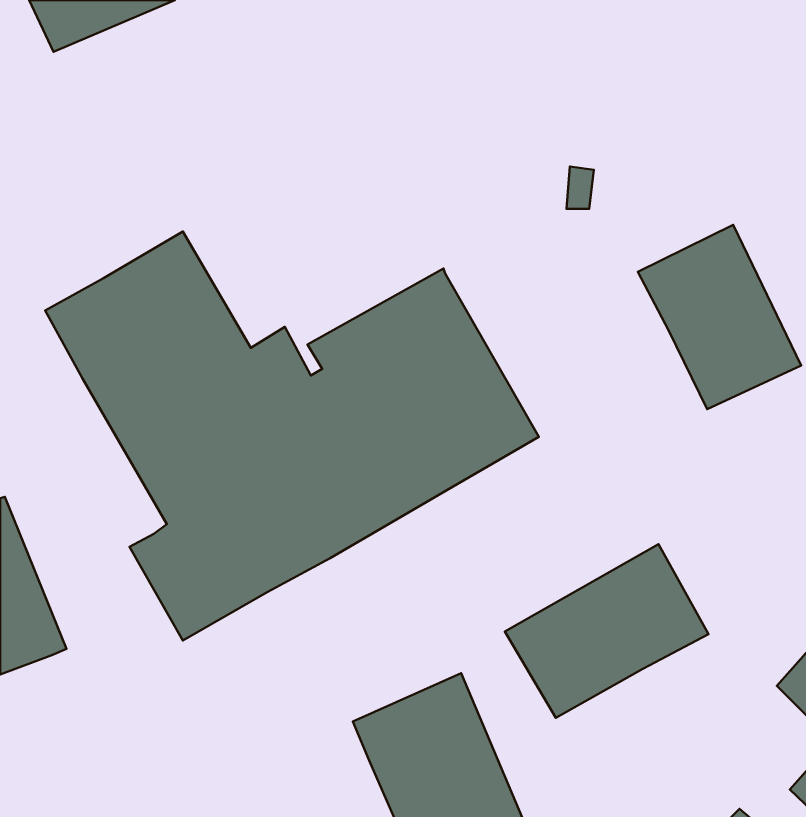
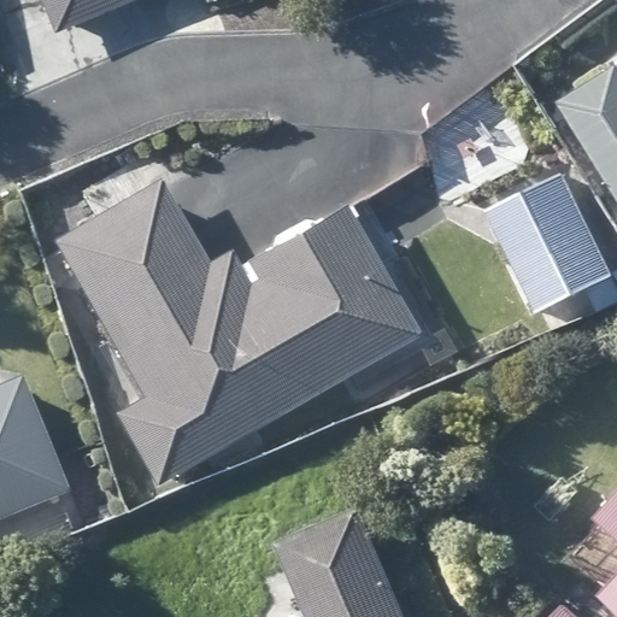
building: [505,544,709,718] -> none

